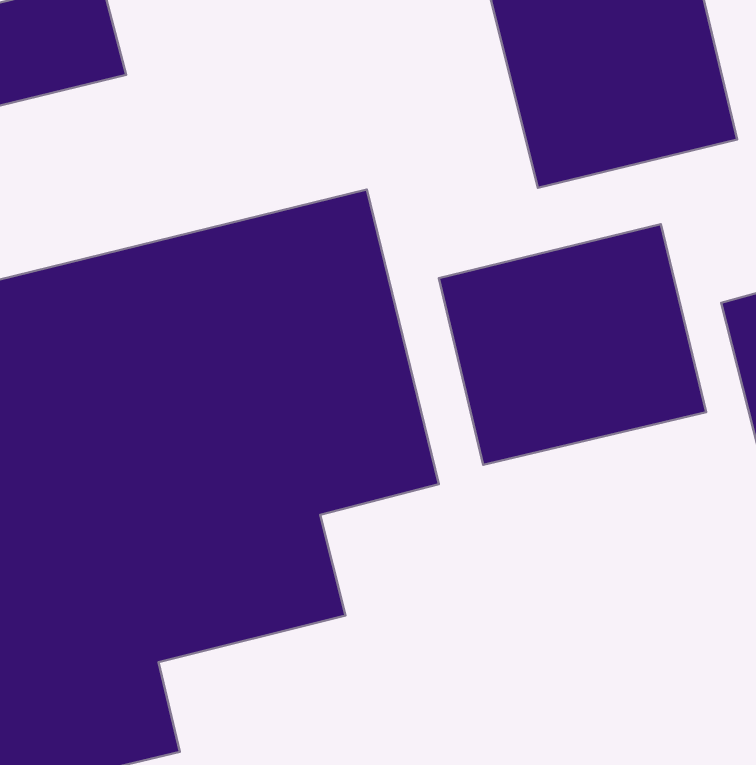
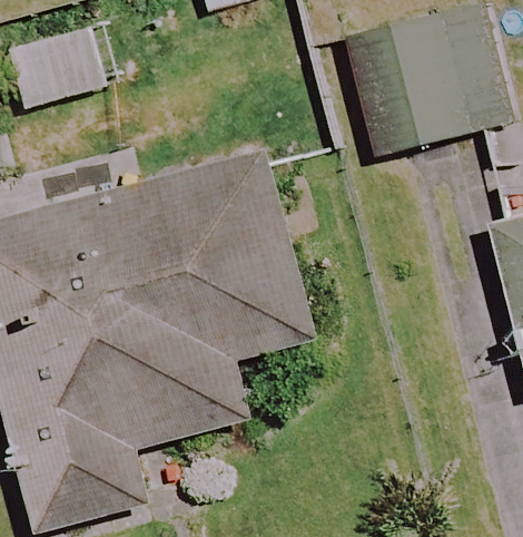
building: [439,224,706,465] -> none

